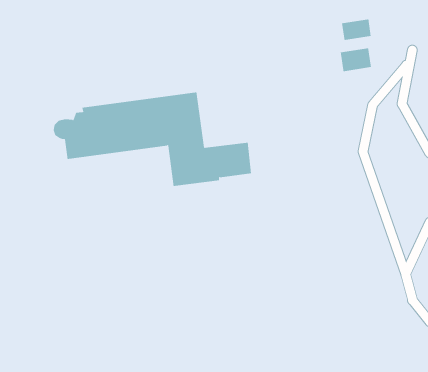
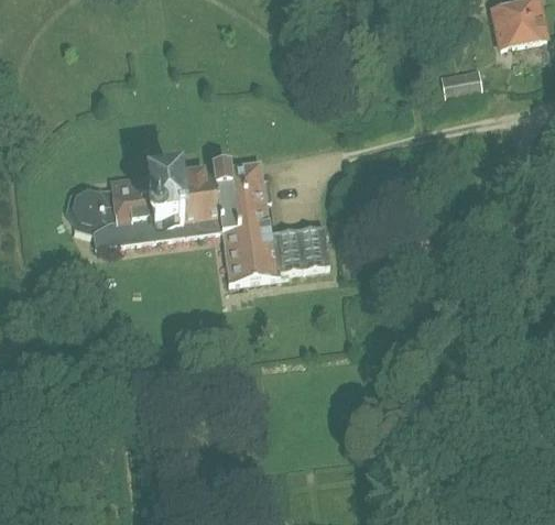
building: [340,47,372,72] -> none

